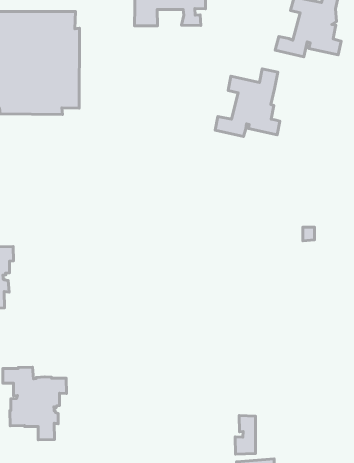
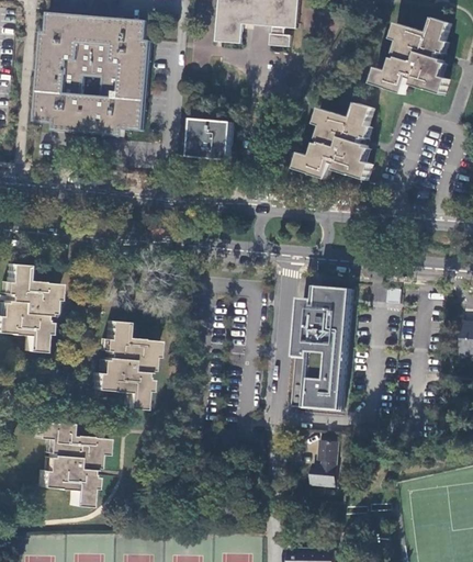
building: none -> [188,119,232,159]
building: none -> [291,285,351,409]
building: none -> [89,319,155,408]
building: [235,415,256,454] -> [311,439,337,484]

